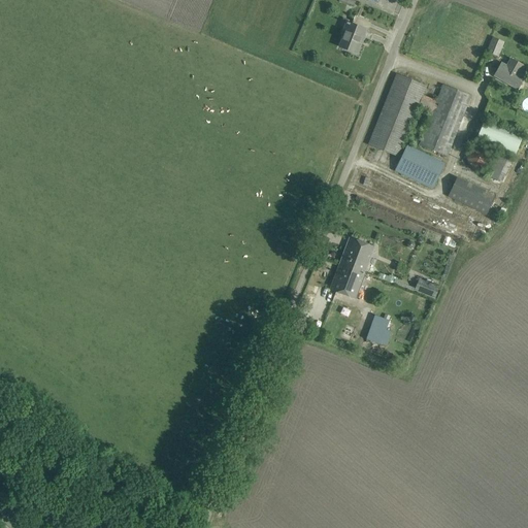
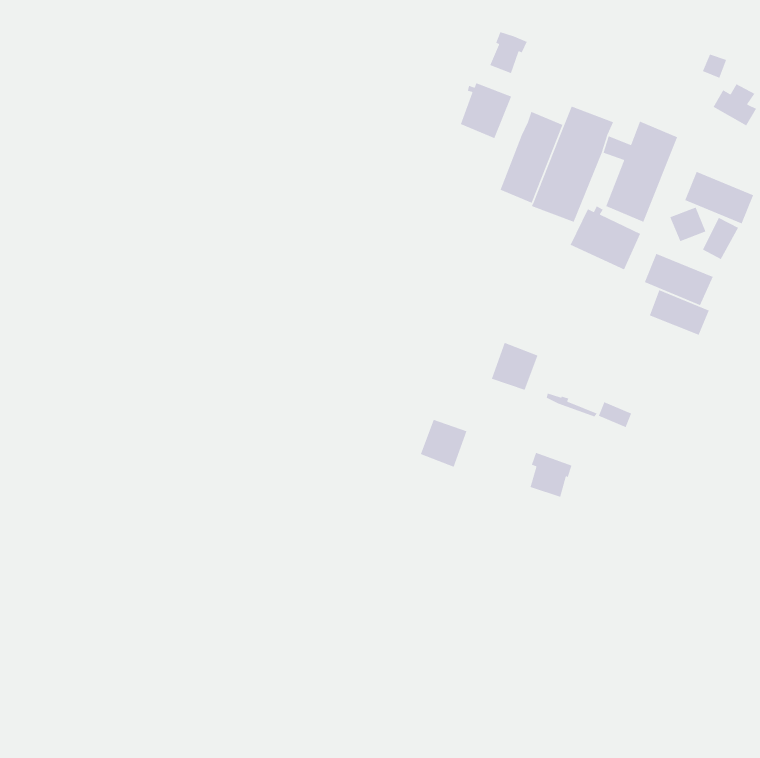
building: none -> [460,82,512,139]
building: none -> [499,111,564,204]
building: none -> [649,289,710,336]
building: [331,263,364,297] -> [420,419,468,468]

